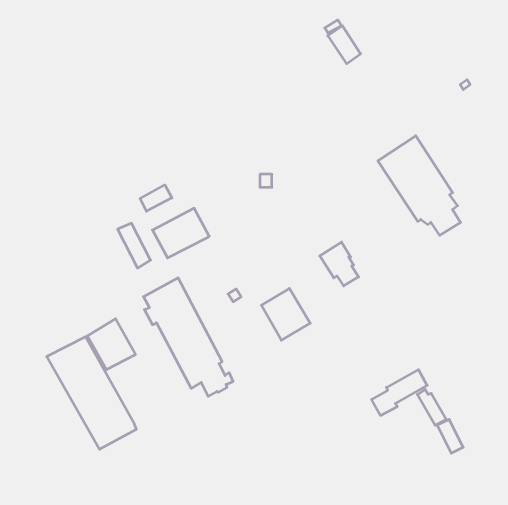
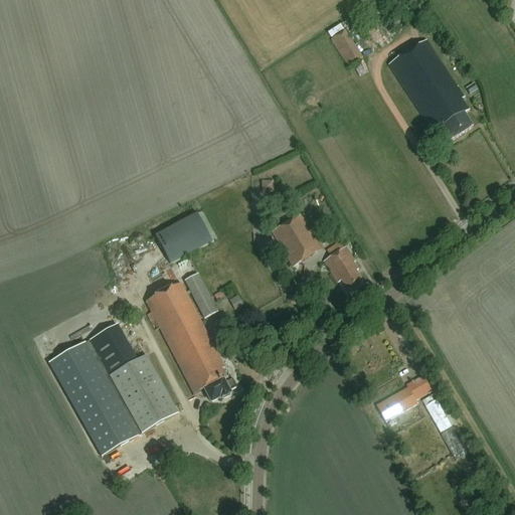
building: [378,136,461,235] -> [387,37,471,138]
building: [140,185,172,211] -> none
building: [118,223,151,268] -> [183,272,216,317]
building: [261,288,310,340] -> [272,212,321,265]
building: none -> [109,353,178,433]

